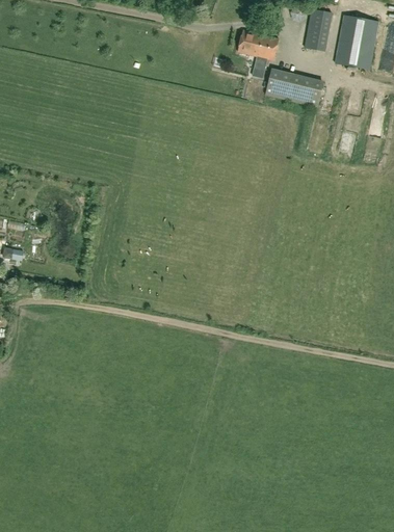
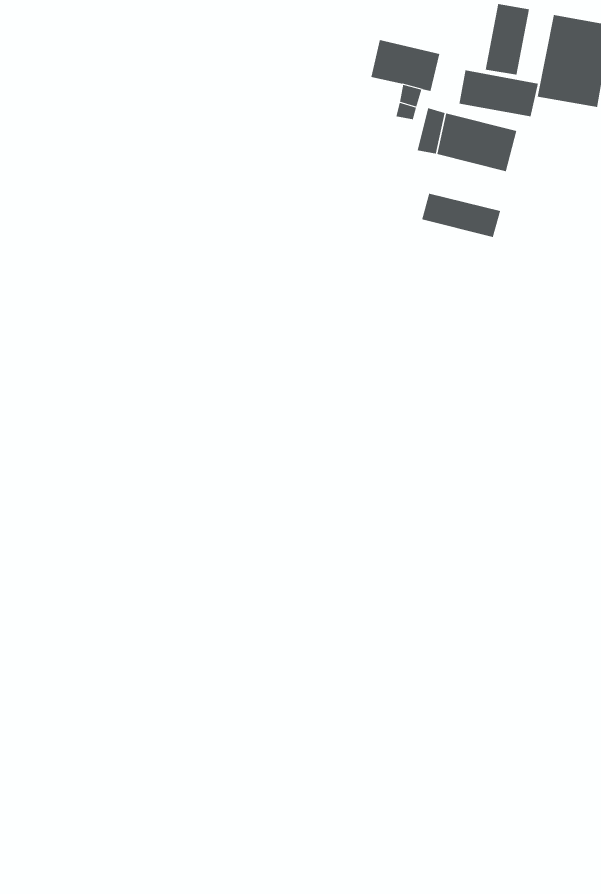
building: none -> [459,69,538,117]
building: none -> [421,193,501,238]

